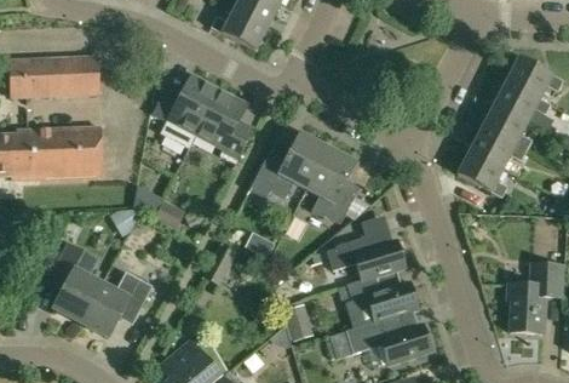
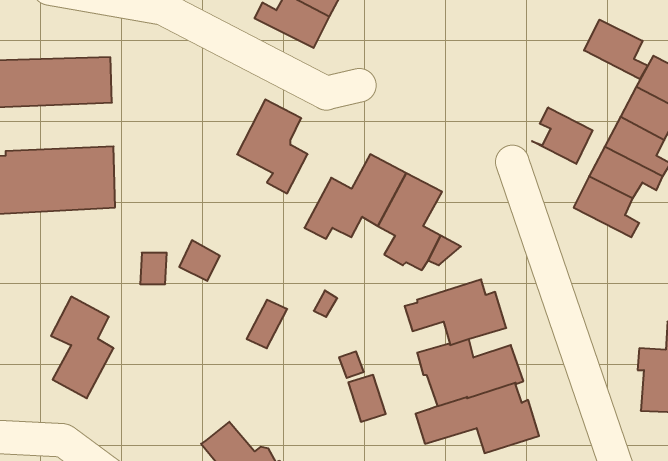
building: none -> [584,20,648,79]
building: [153,75,219,148] -> none
building: none -> [532,107,593,164]
building: [81,270,154,336] -> none

